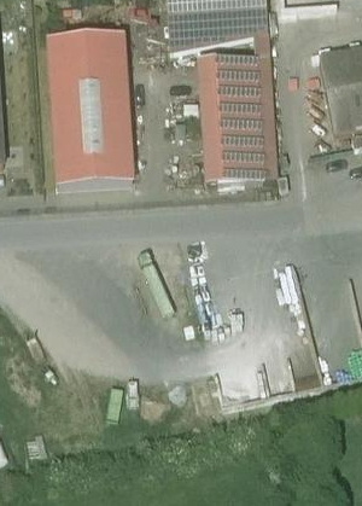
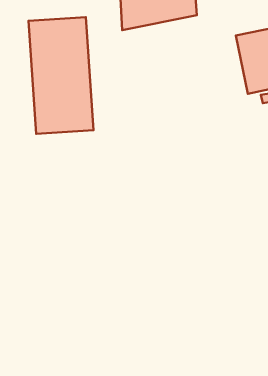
building: [199,54,263,180] -> none

